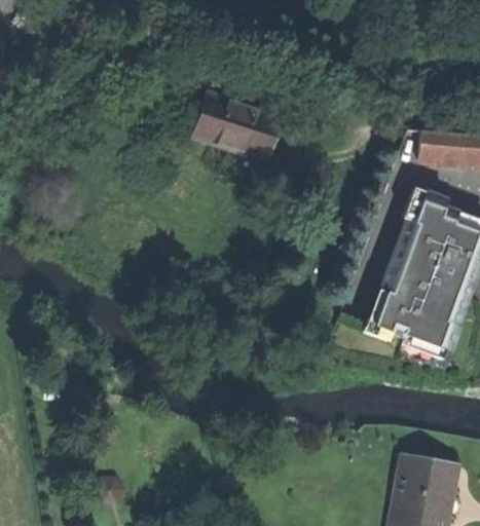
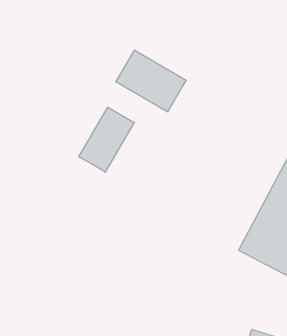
building: none -> [79,107,134,172]

